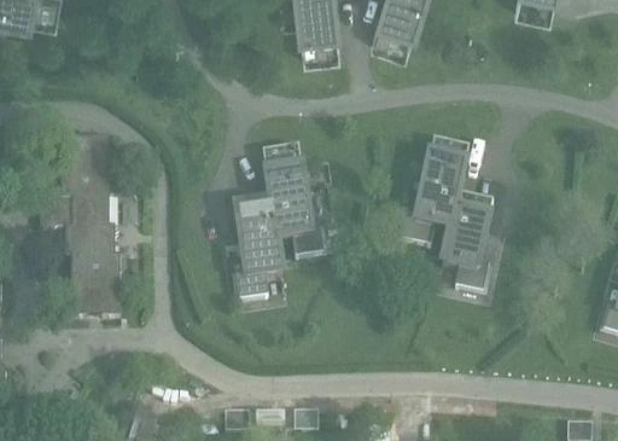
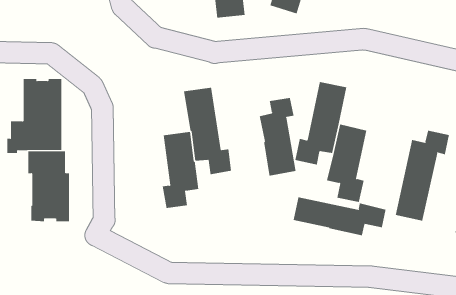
building: none -> [259,97,296,177]
building: none -> [395,130,449,221]
building: none -> [293,196,386,236]

